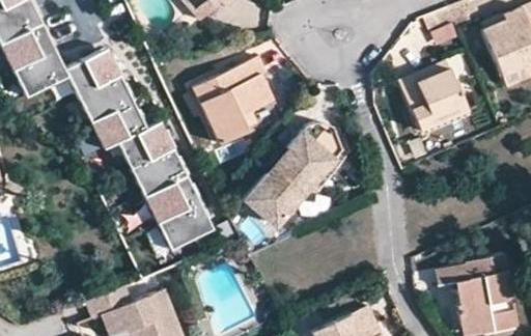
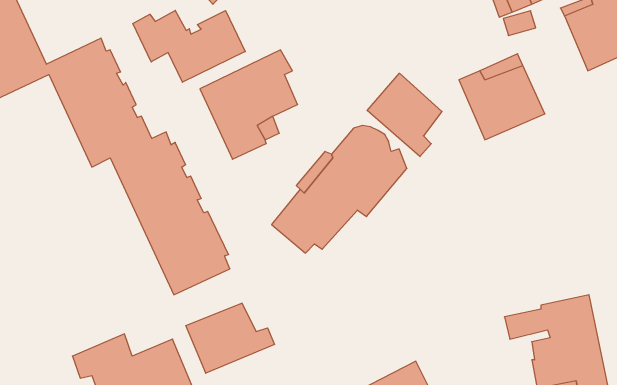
building: none -> [133,10,245,82]
building: none -> [367,73,442,157]
building: none -> [186,303,274,373]

